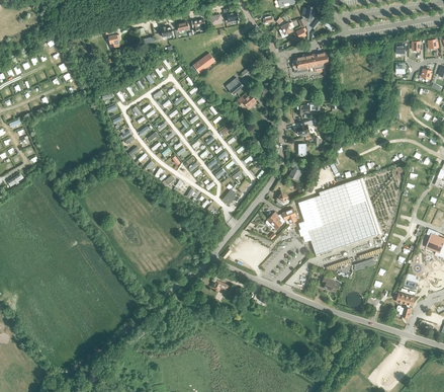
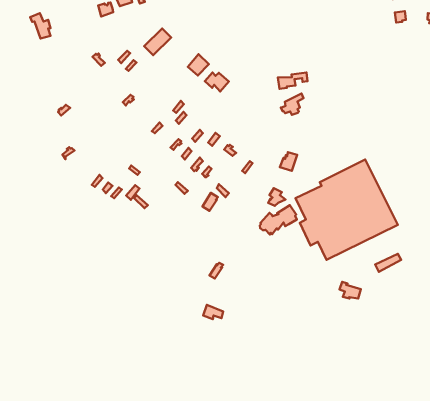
building: [292,52,329,73] -> none

